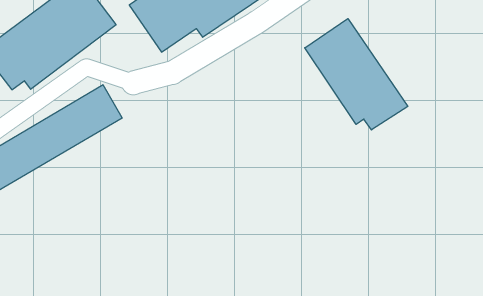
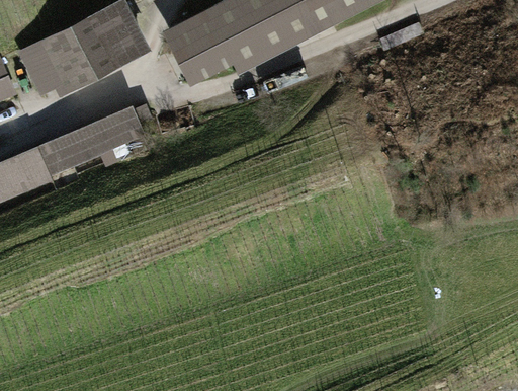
building: [305,19,408,130] -> none

